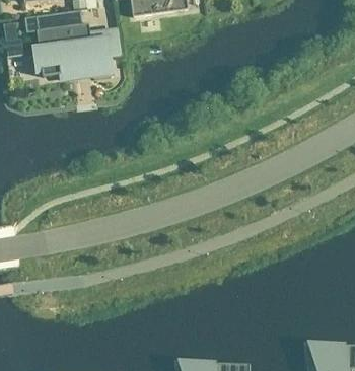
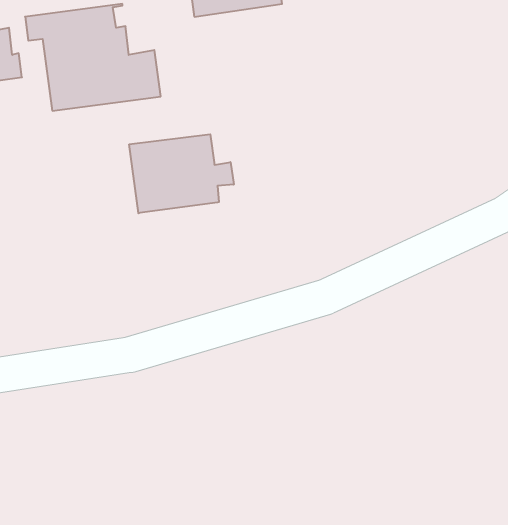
building: none -> [129,134,234,213]

